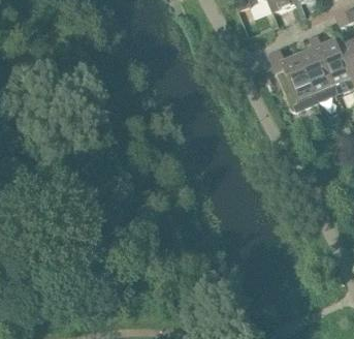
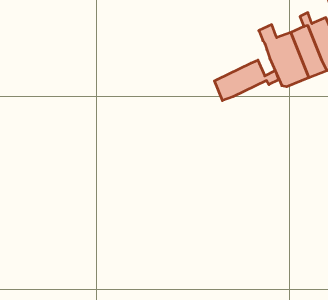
building: none -> [214,60,279,101]

